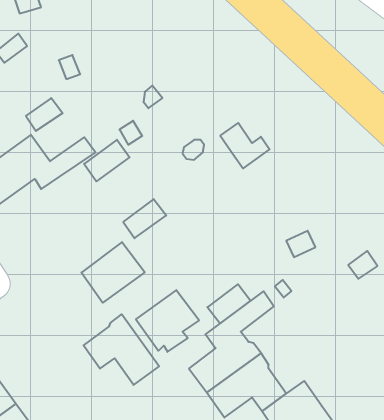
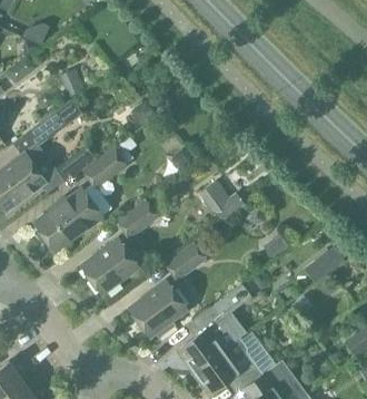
building: [220,123,270,168] -> [200,182,244,222]
building: none -> [34,189,101,252]
building: [207,284,250,323] -> [167,245,205,280]
building: [84,314,159,385] -> none

